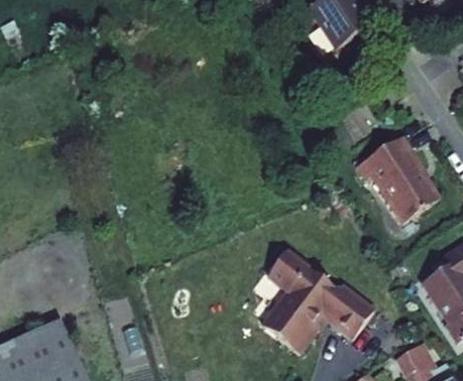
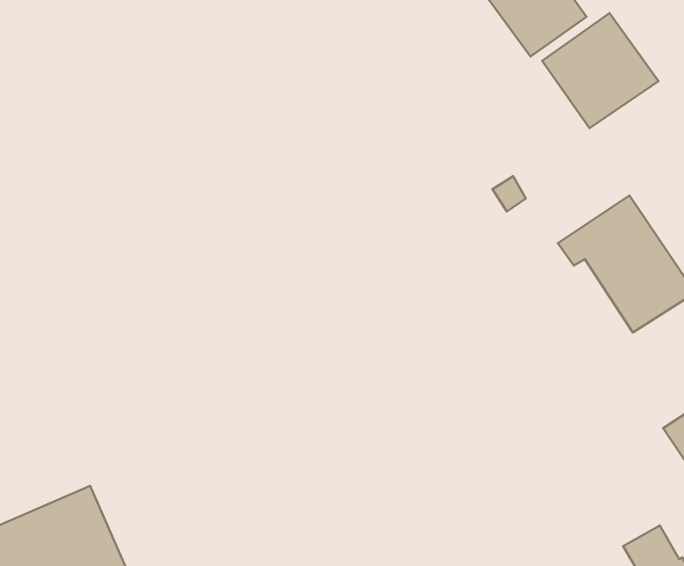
building: none -> [542,13,659,128]
building: [262,250,375,352] -> none

